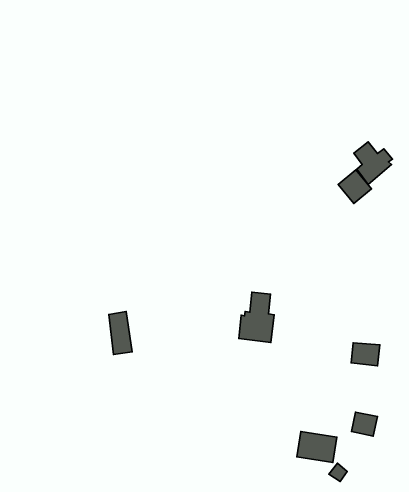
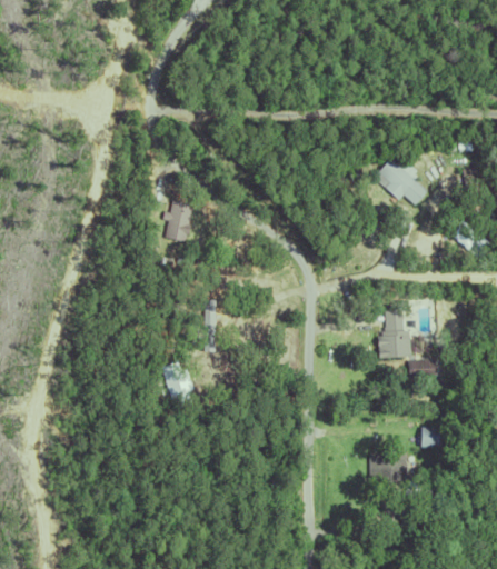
building: none -> [162,200,193,242]
building: [338,170,372,203] -> none
building: [239,292,274,342] -> [378,310,411,359]

